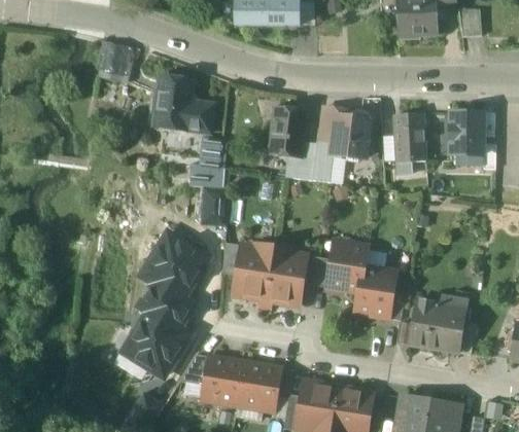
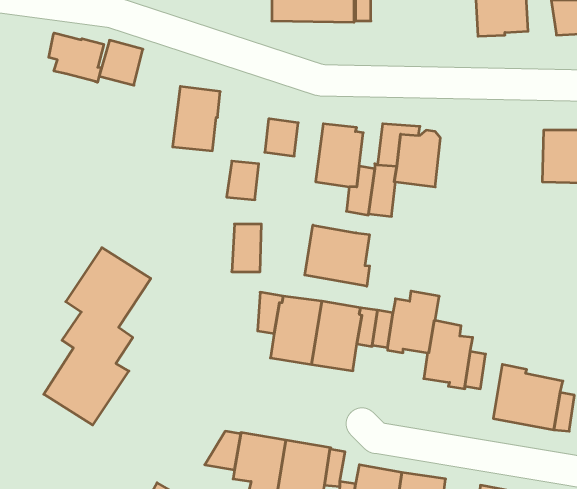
building: none -> [49,33,104,82]
building: [185,102,212,132] -> [265,119,298,156]
building: [393,112,424,163] -> none
building: [189,165,222,186] -> none
building: none -> [305,225,370,286]
building: [122,232,207,374] -> [44,248,151,425]

